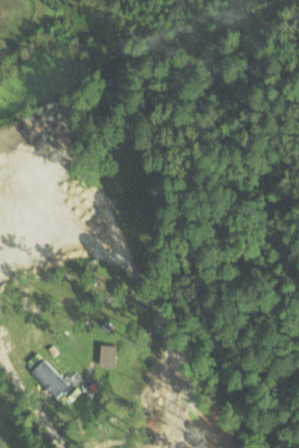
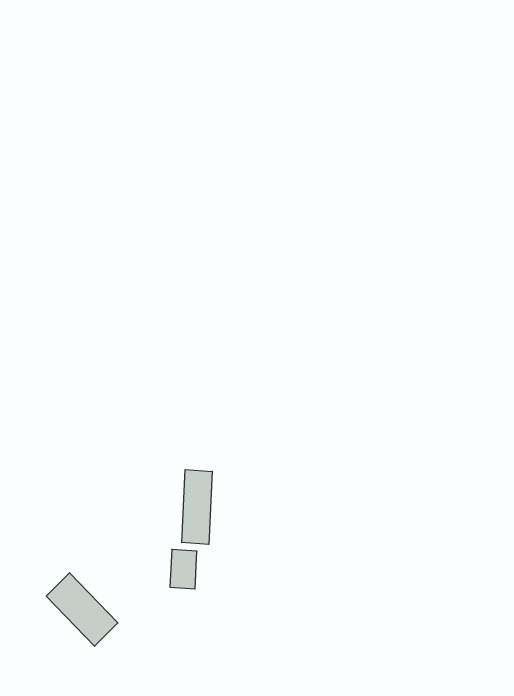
building: none -> [182,470,212,544]

